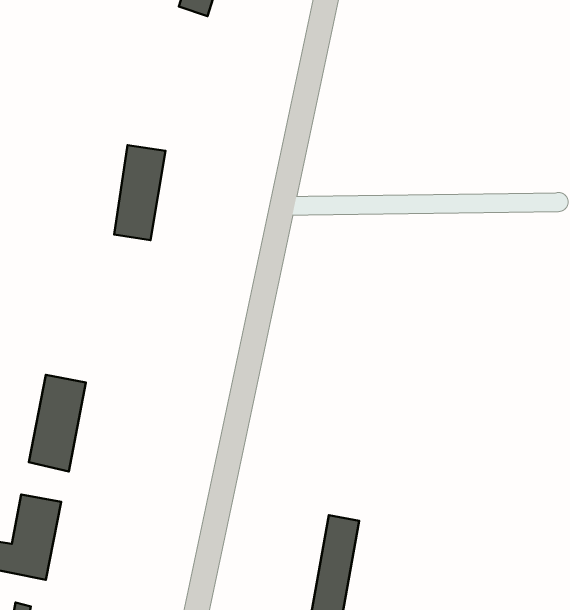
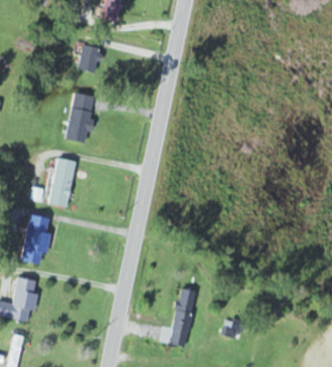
building: none -> [76,44,102,72]
building: none -> [48,157,76,206]

